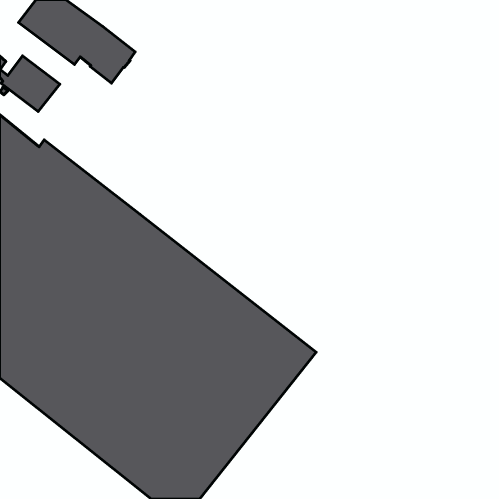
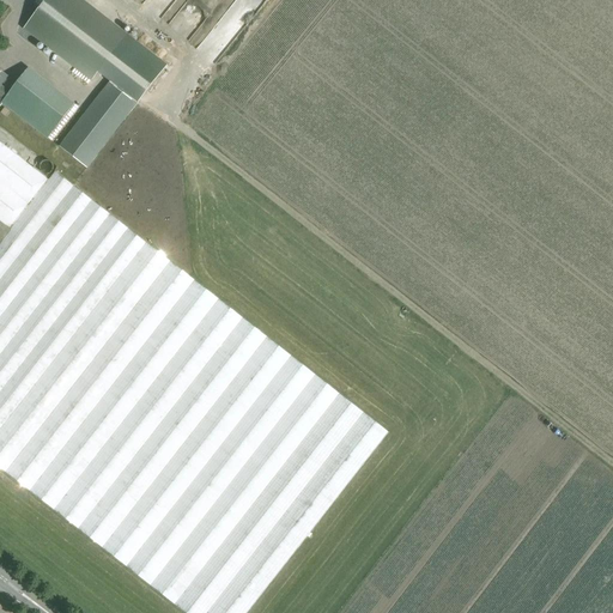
building: none -> [59,80,136,166]

